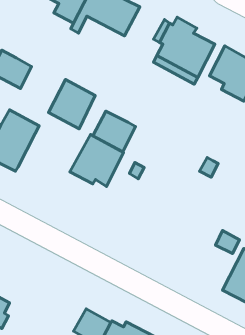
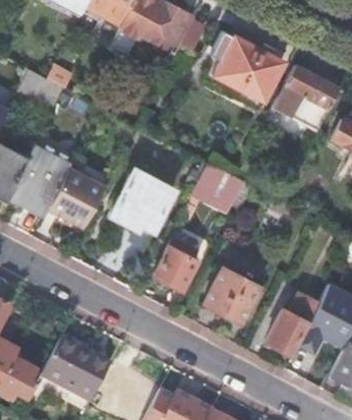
building: [48,79,95,129] -> [49,168,105,227]
building: [93,111,136,152] -> [194,163,245,212]
building: none -> [154,231,198,290]
building: none -> [206,266,260,321]
building: none -> [268,310,306,354]
building: none -> [42,341,111,403]

